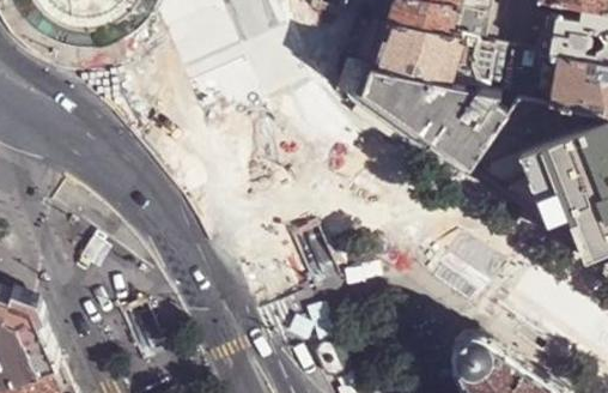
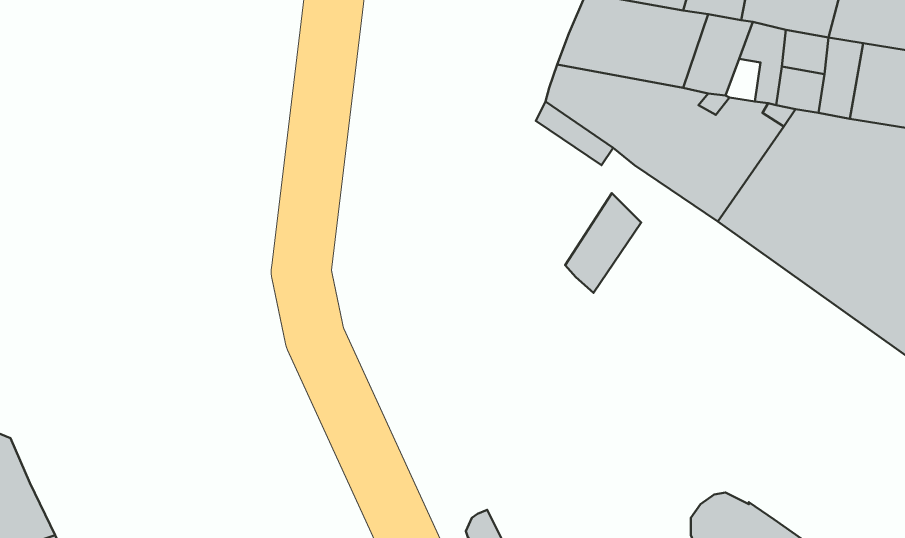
building: none -> [565,193,641,293]

